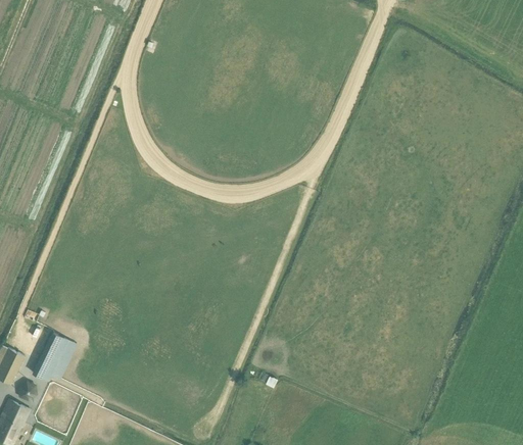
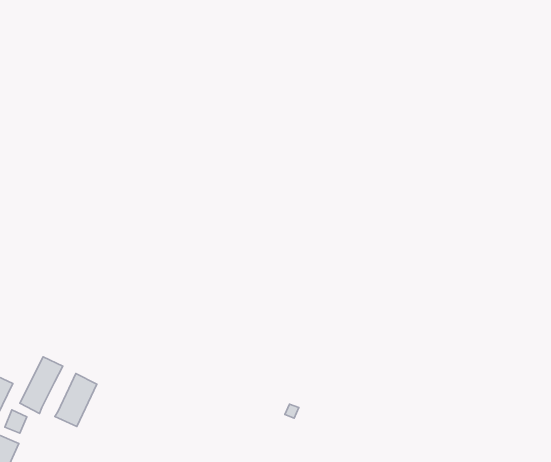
building: none -> [55,374,97,426]

